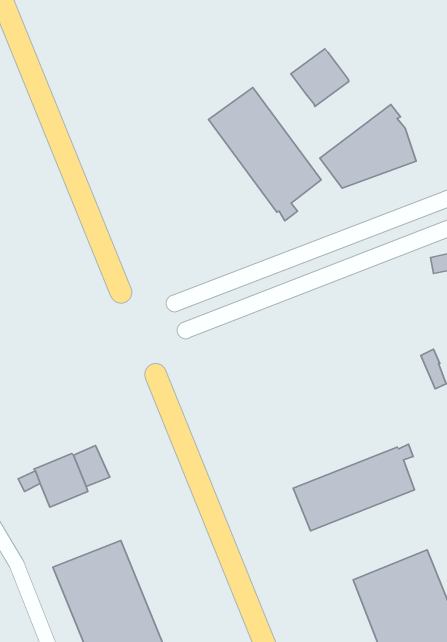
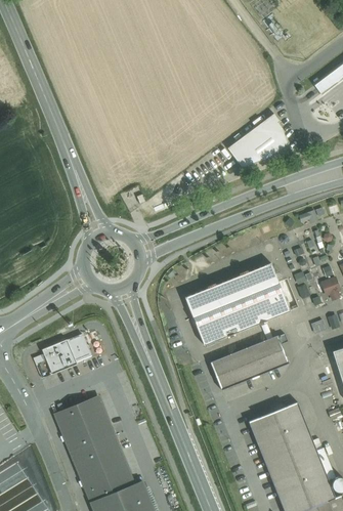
building: [291,49,349,106] -> none
building: [209,87,321,221] -> none
building: none -> [184,263,290,346]

